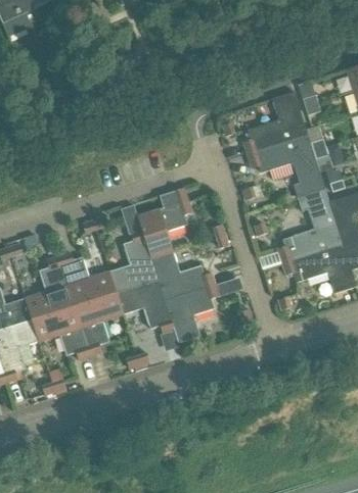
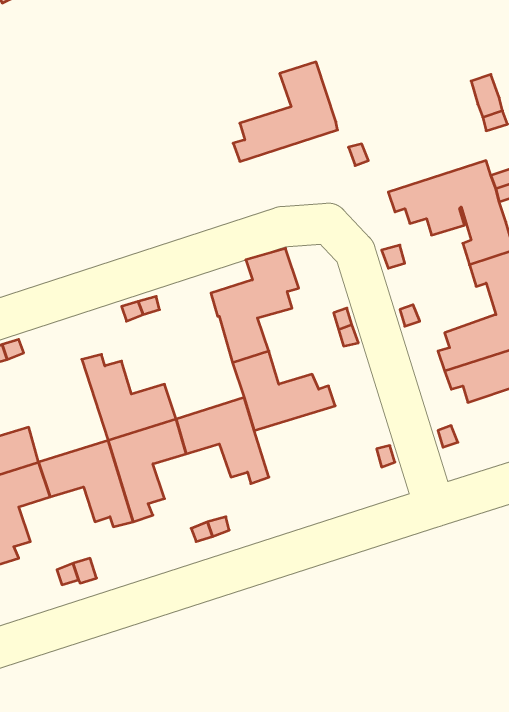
building: [242,91,307,152] -> [233,62,338,161]
building: [108,204,158,292] -> none
building: [25,255,74,318] -> none
building: [164,283,220,342] -> none

